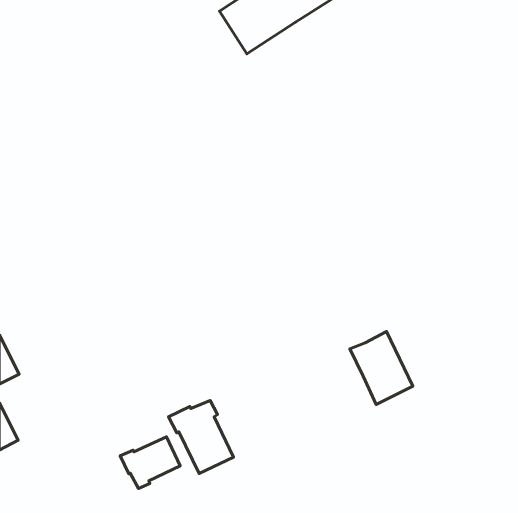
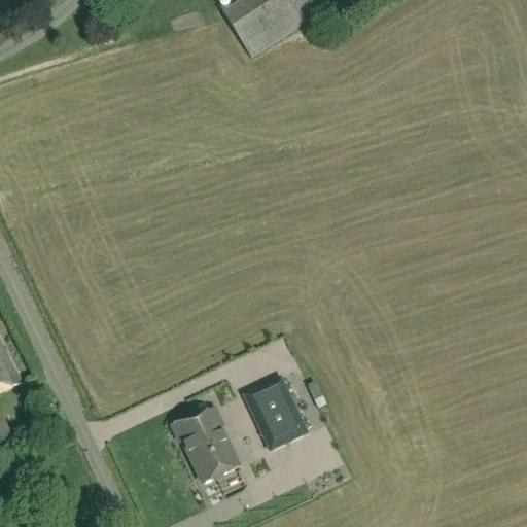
building: [350,332,413,405] -> [242,375,306,449]
building: [120,437,180,489] -> none

